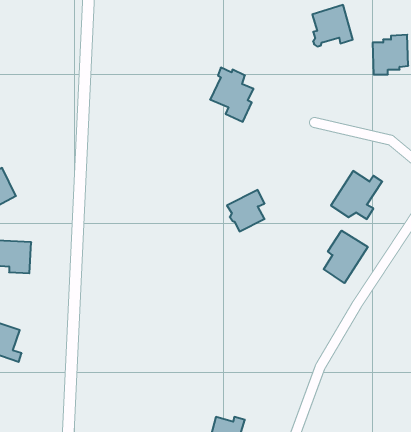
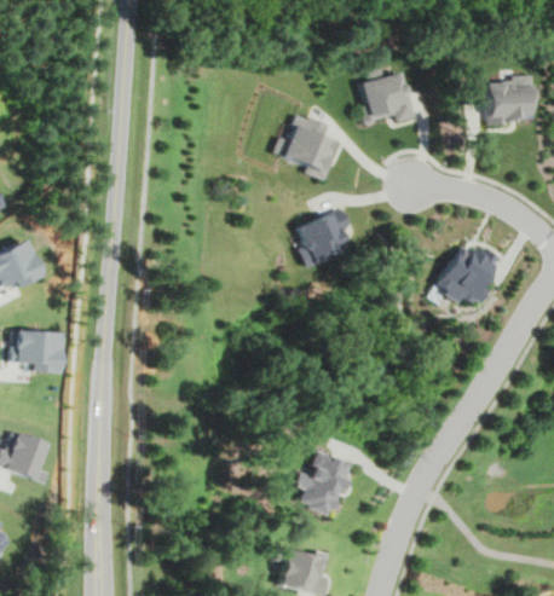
building: [312,5,353,46] -> [363,71,414,123]
building: [227,190,265,231] -> [301,209,348,261]
building: [324,231,368,283] -> none
building: none -> [296,450,352,516]

